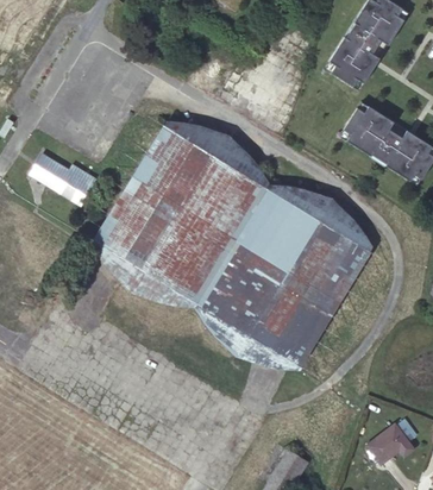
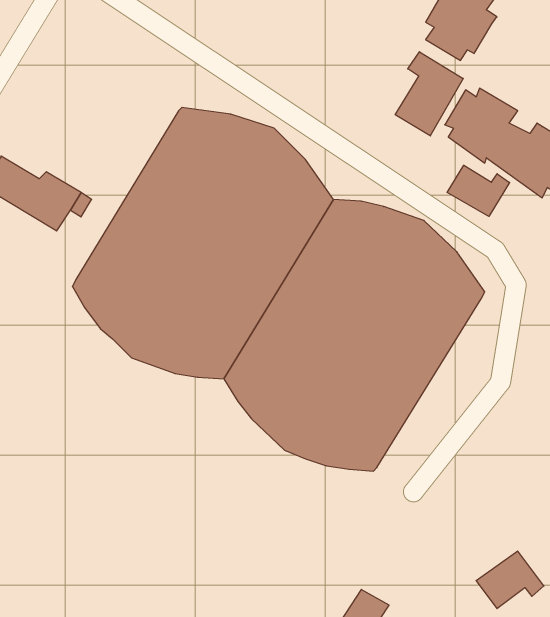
building: none -> [395,52,463,136]
building: none -> [447,165,510,216]

